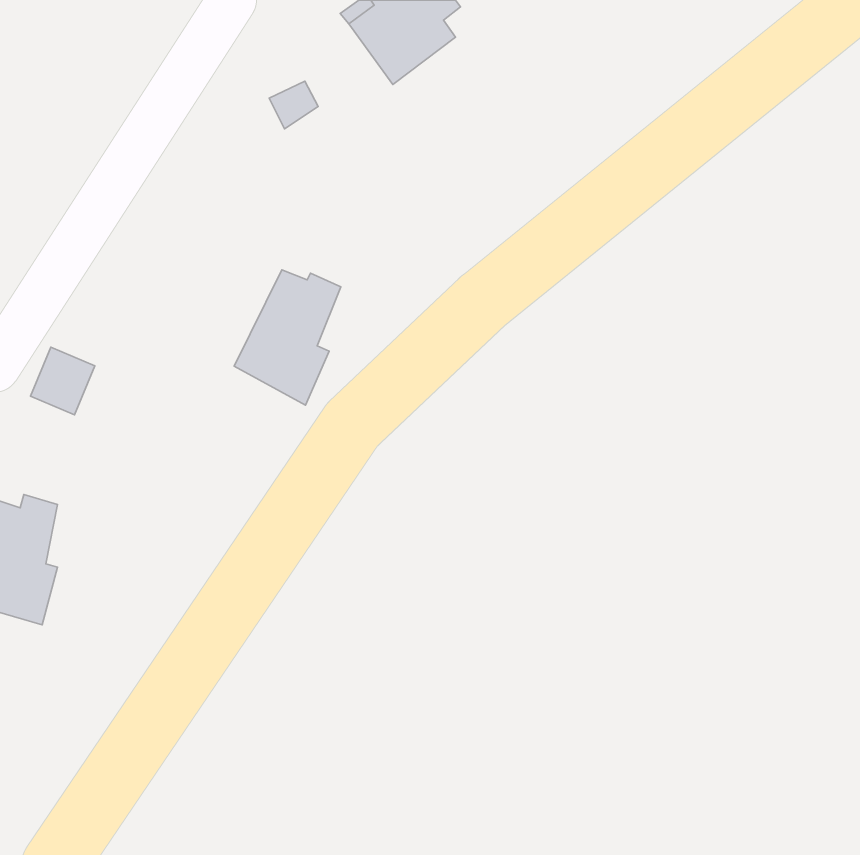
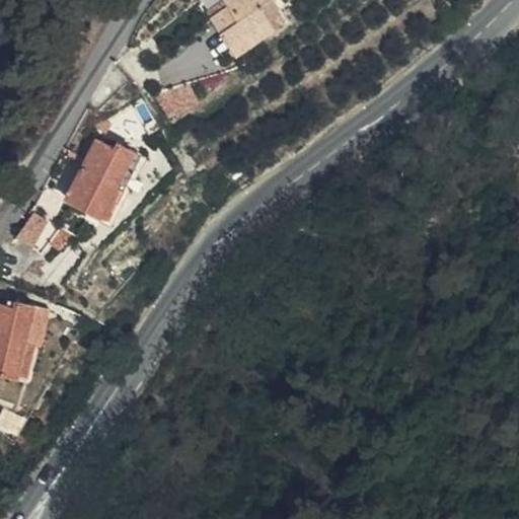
building: [234,270,341,405] -> [67,140,131,221]

